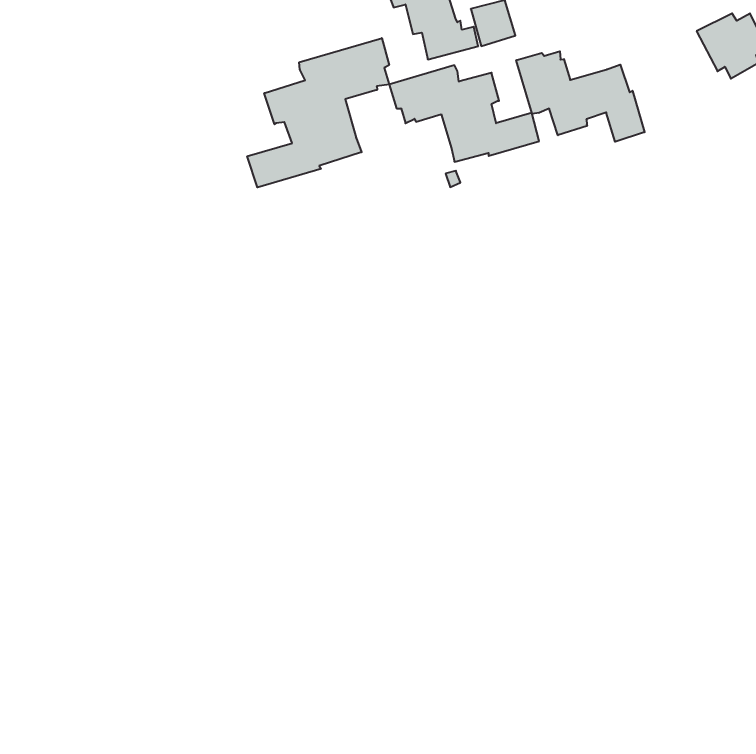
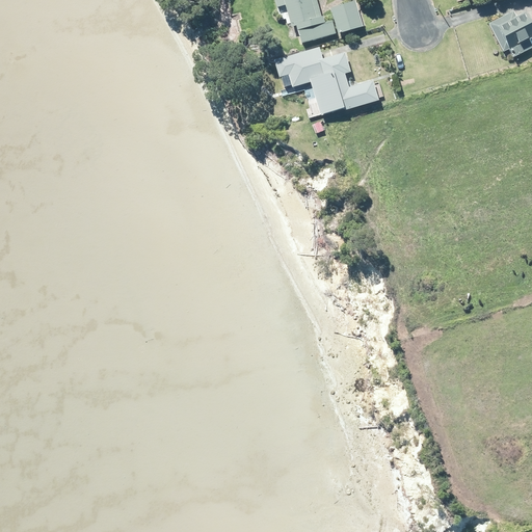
building: [247,38,389,187] -> none
building: [516,51,645,142] -> none

